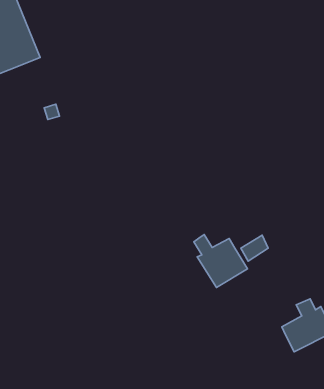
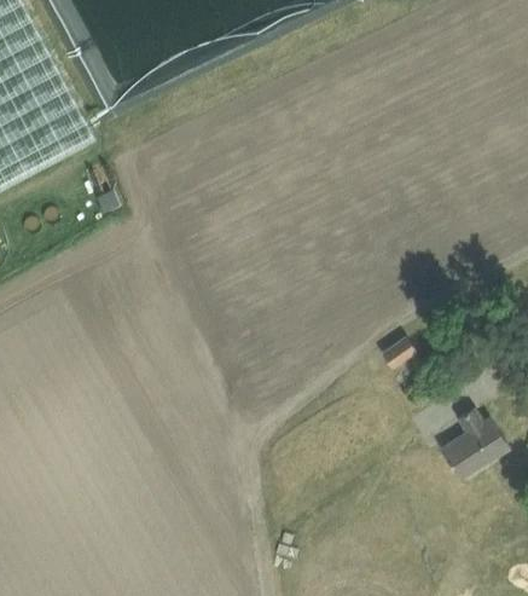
building: [194,234,247,287] -> none

